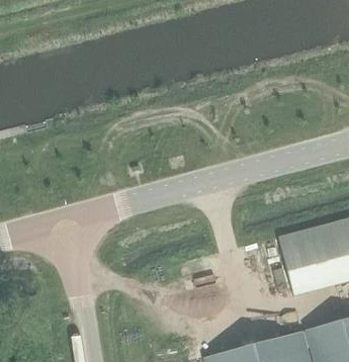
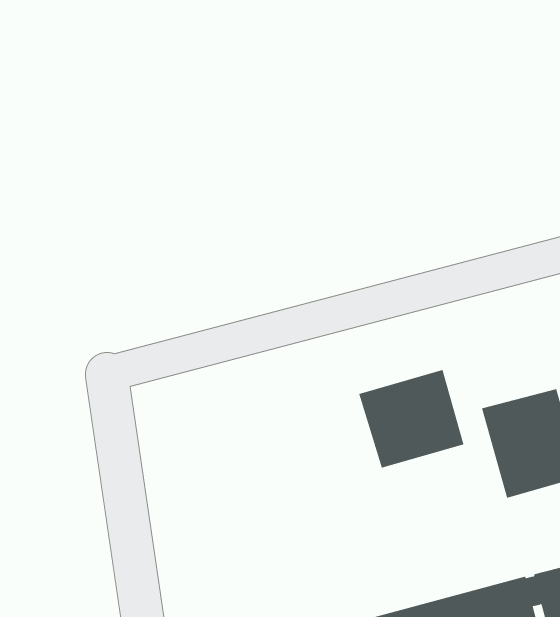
building: none -> [358,369,464,468]

